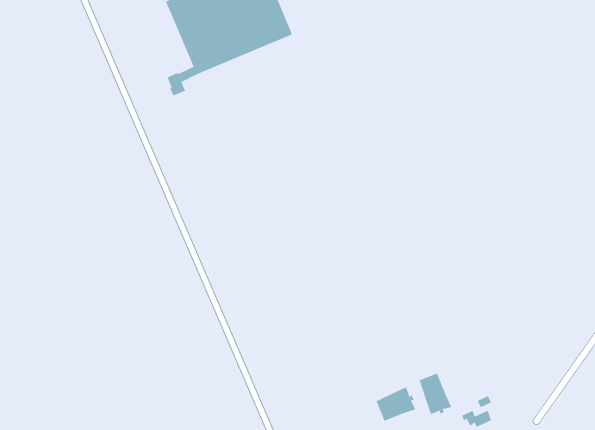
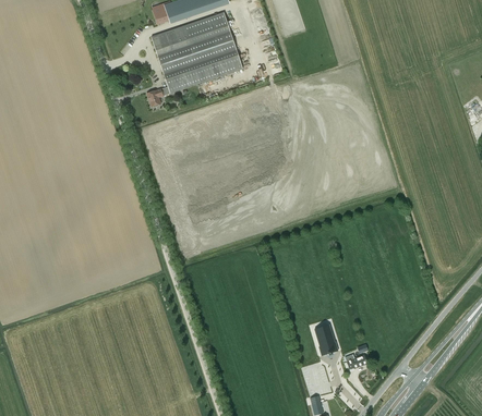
building: [376,386,416,422] -> none

